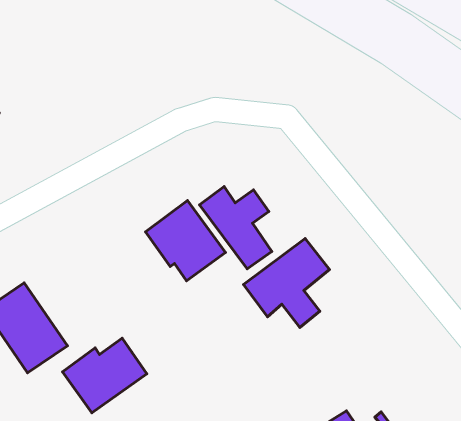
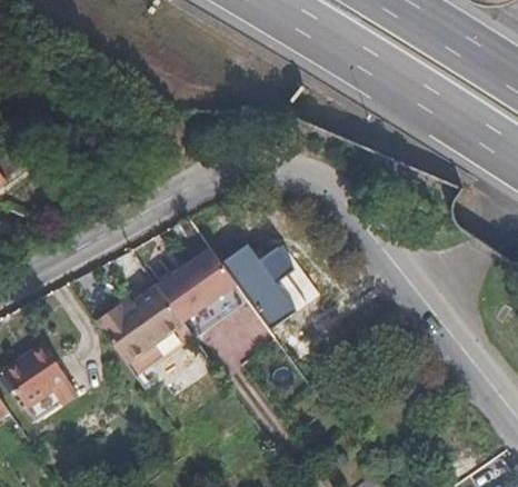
building: [244,238,330,327] -> none
building: [63,338,147,413] -> [94,284,181,360]

